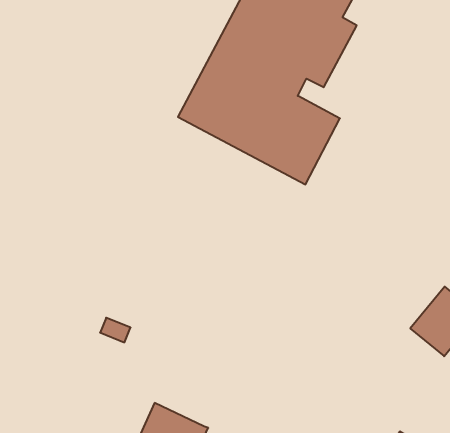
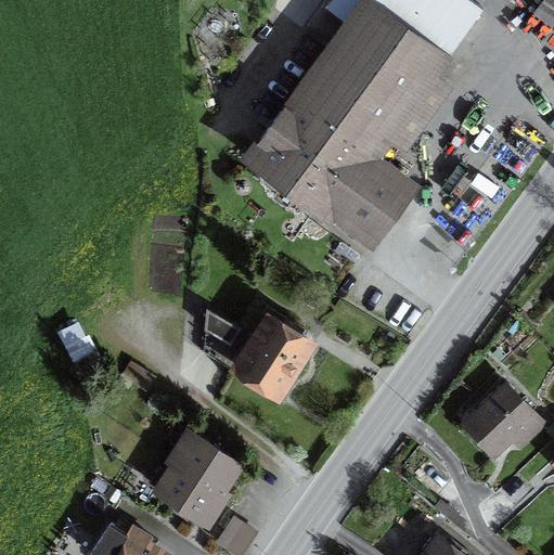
building: none -> [218,313,315,403]
building: none -> [169,430,246,498]

